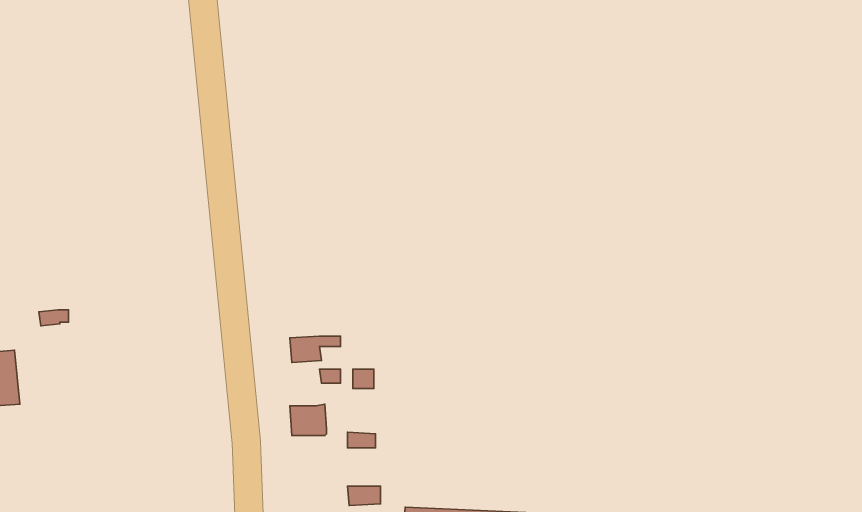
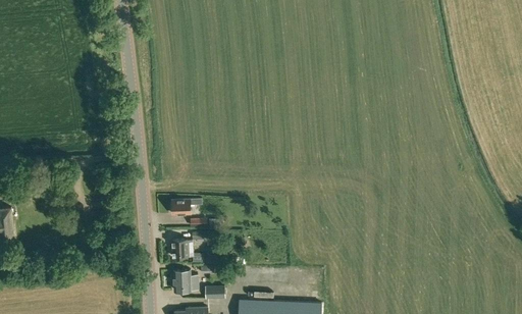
building: none -> [173,270,198,292]

